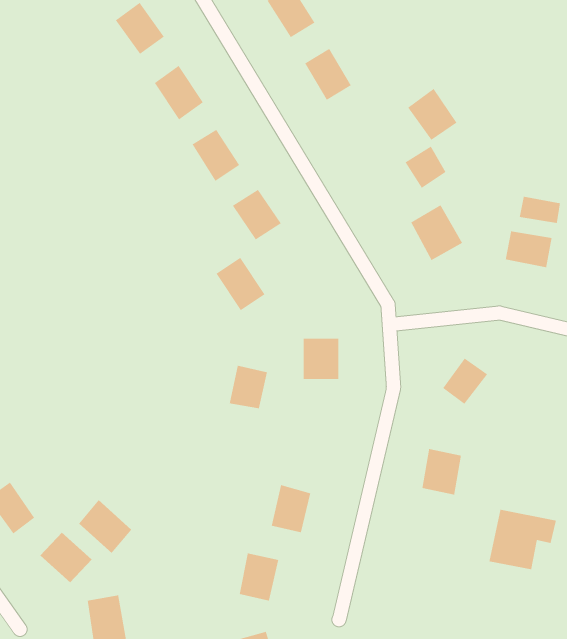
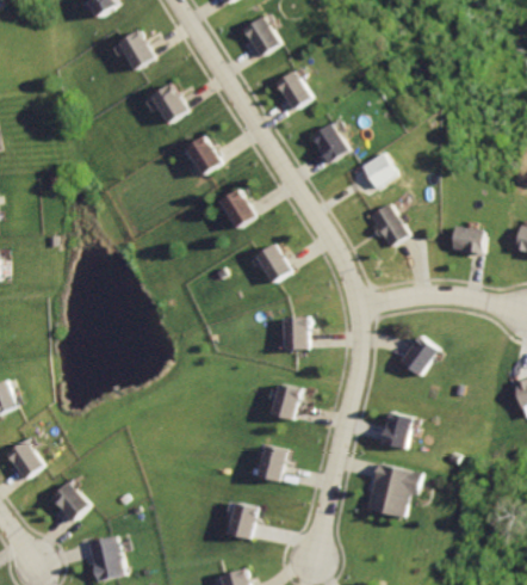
building: [407,88,457,141] -> [310,123,353,168]
building: [519,196,561,224] -> none
building: [215,257,266,311] -> [249,241,292,288]
building: [229,365,268,409] -> [264,381,297,419]
building: [78,499,132,554] -> none
building: [489,509,557,570] -> [361,463,420,516]

